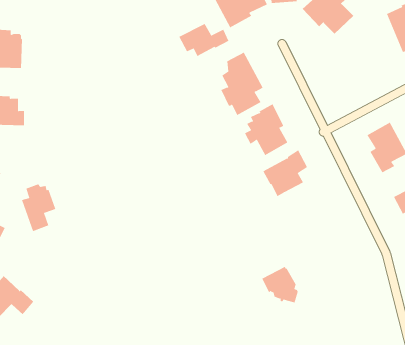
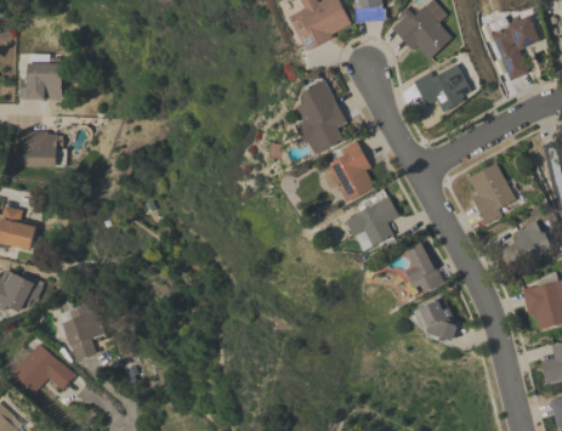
building: [179,23,229,57] -> none
building: none -> [413,63,471,112]
building: [21,183,56,232] -> [62,302,103,359]
building: none -> [404,240,443,291]
building: [261,266,298,303] -> [413,296,456,340]

